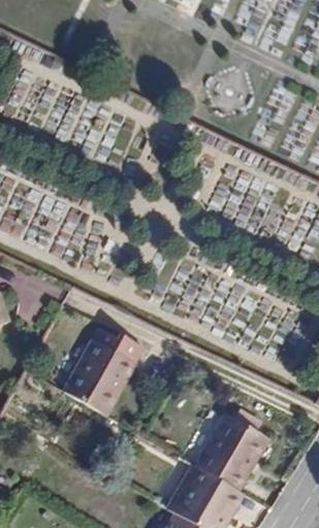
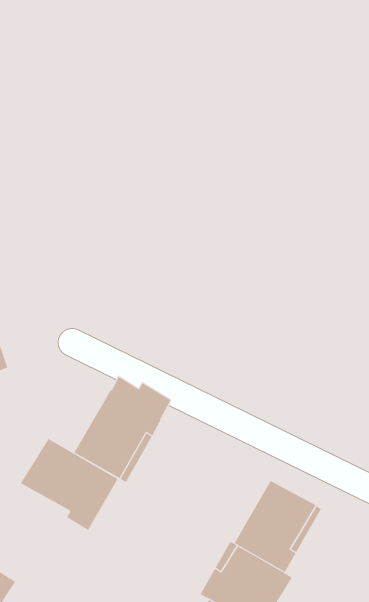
building: none -> [20,438,118,531]

